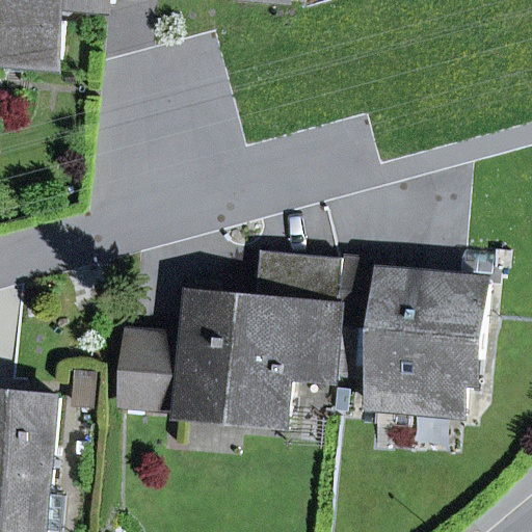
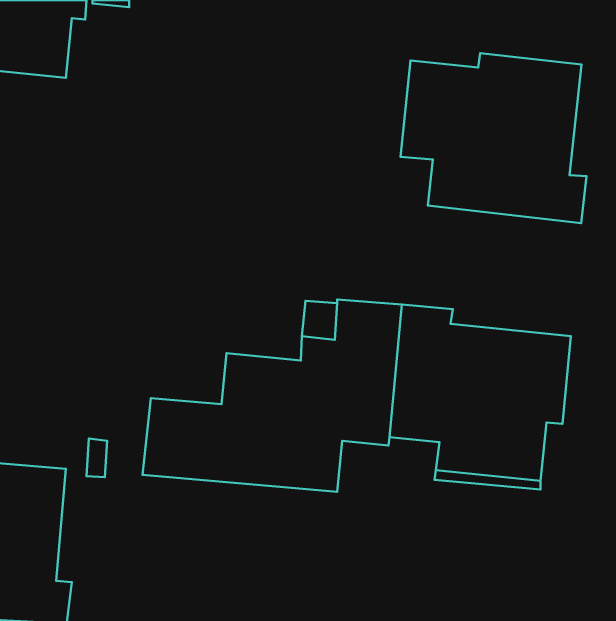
building: none -> [400,53,587,223]

